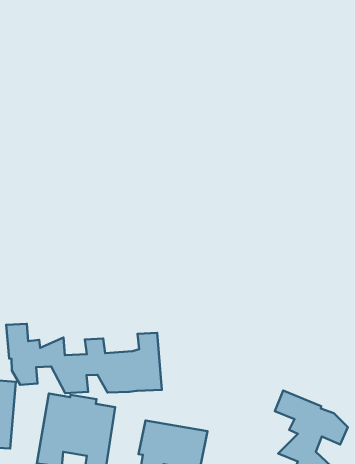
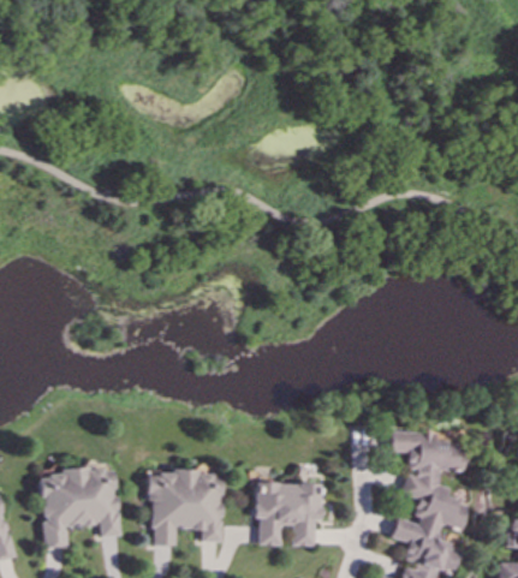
building: [6,324,162,393] -> none

